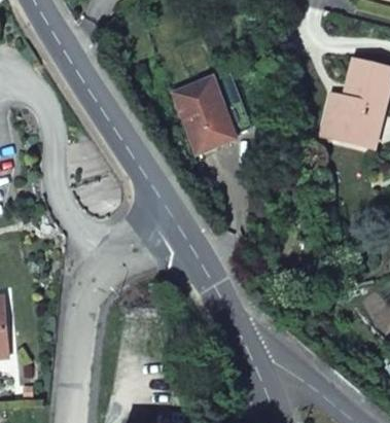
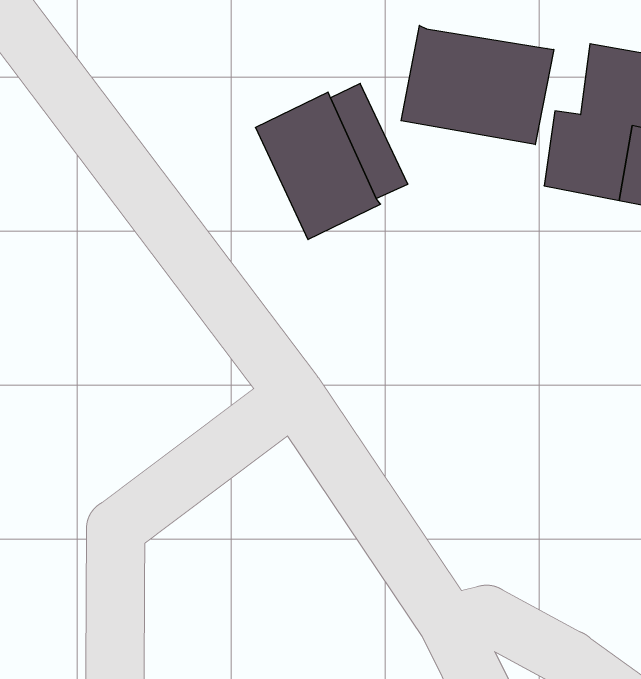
building: none -> [401,25,554,145]

